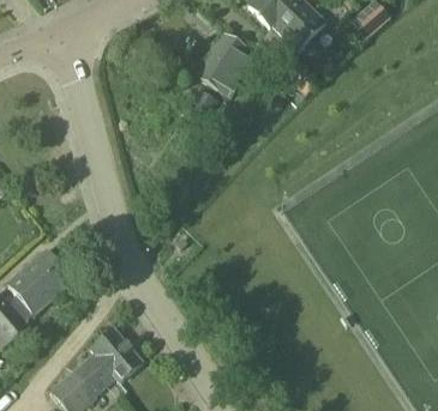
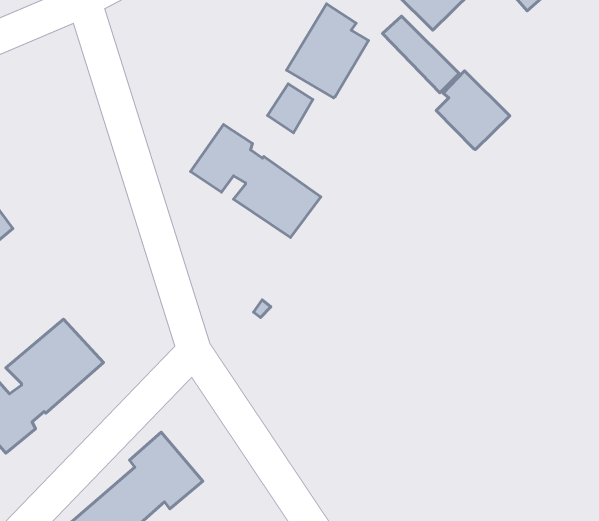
building: none -> [436,71,510,150]
building: none -> [191,124,321,238]

